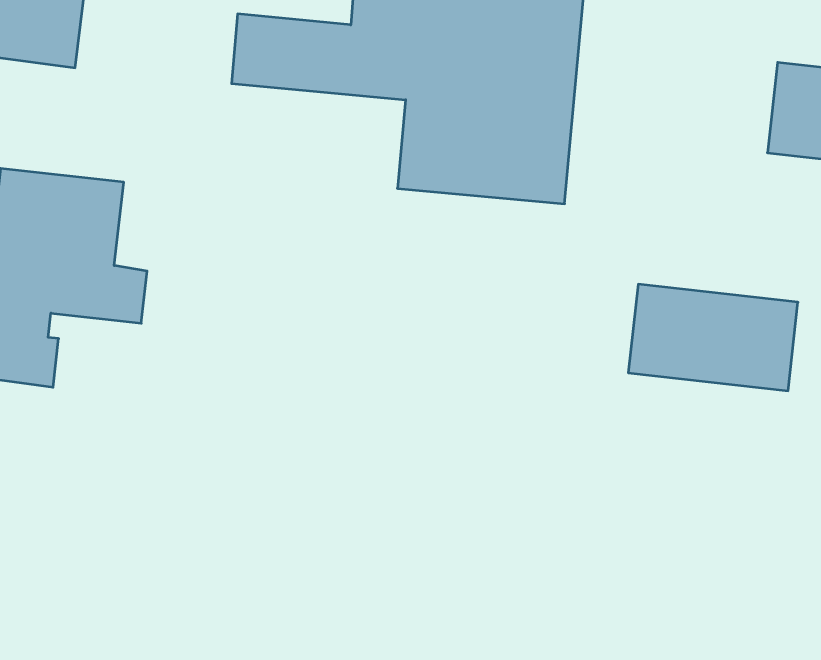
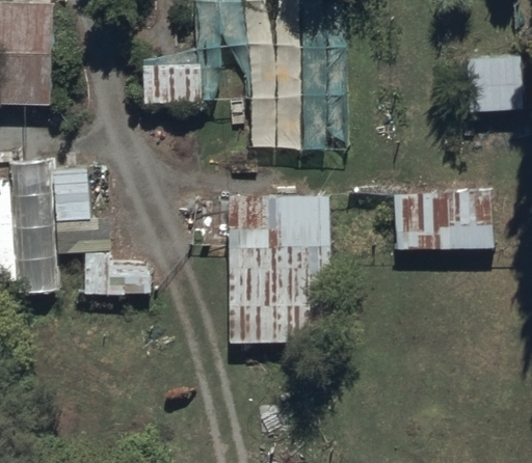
building: none -> [227,194,328,339]

